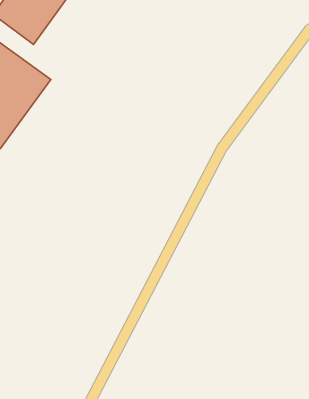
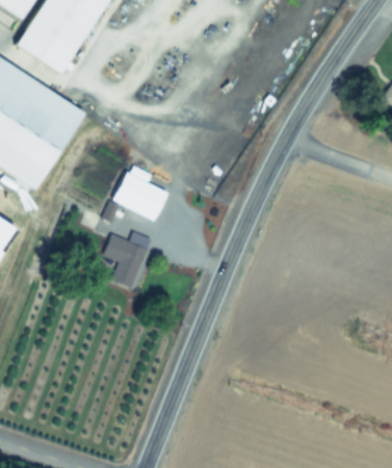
building: none -> [112,172,168,222]
building: none -> [103,233,150,289]

